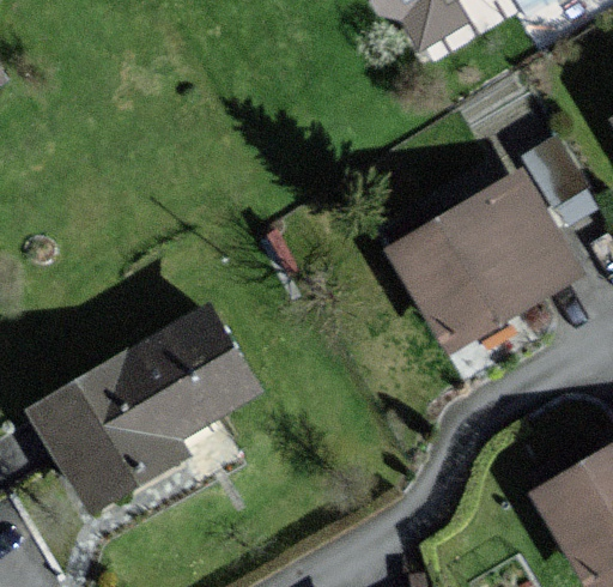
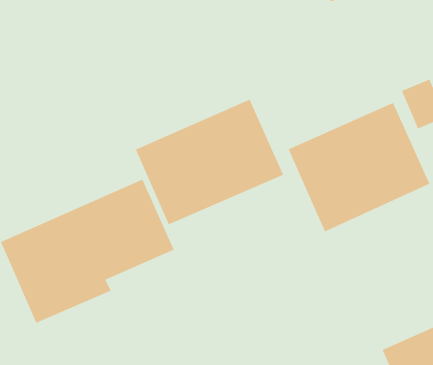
building: none -> [135,99,284,225]

